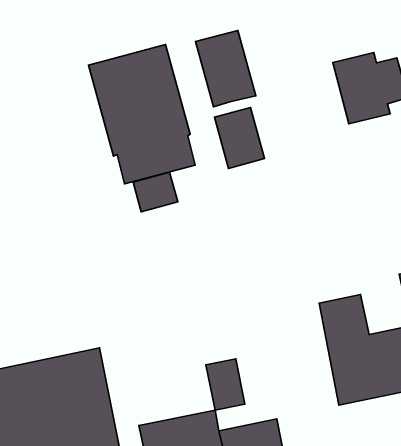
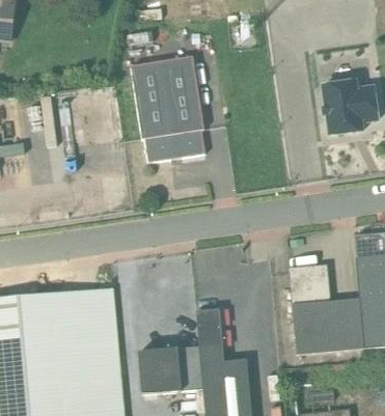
building: [195,31,256,107] -> none
building: [215,107,265,168] -> none
building: [133,172,178,212] -> none

